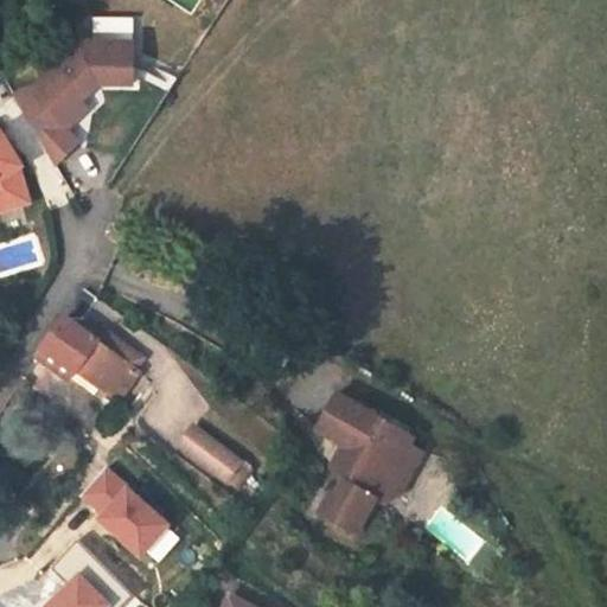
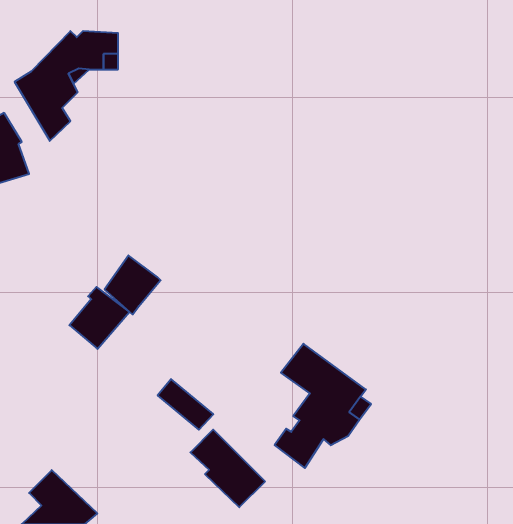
building: [40,314,104,382] -> [105,255,161,314]
building: [82,471,167,560] -> [190,430,265,507]

